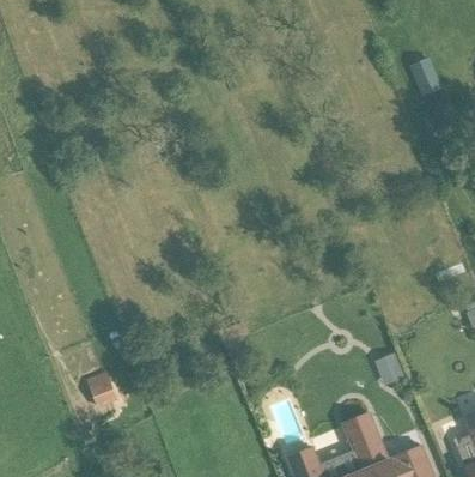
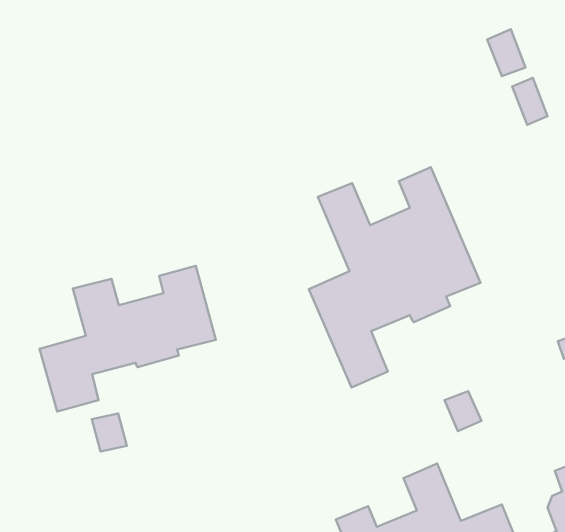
building: none -> [309,167,481,388]
building: none -> [40,266,216,412]

